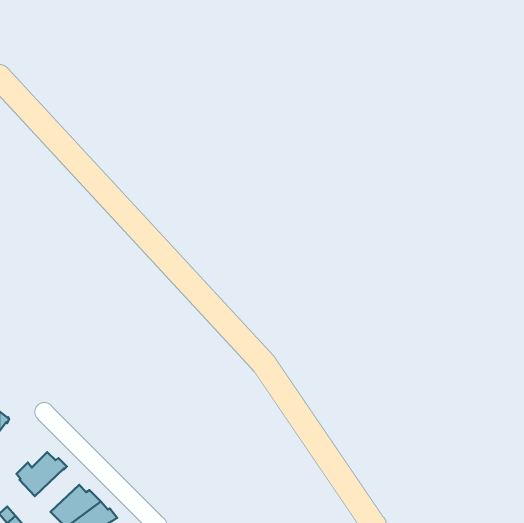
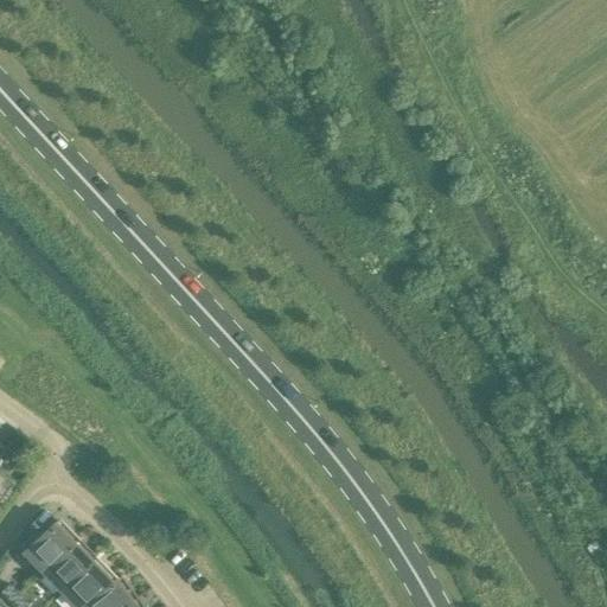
building: none -> [40,543,95,593]

